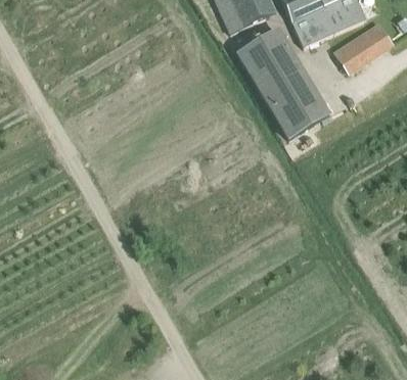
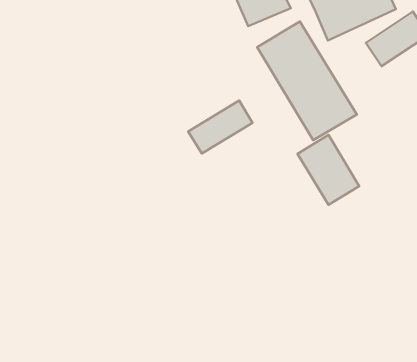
building: none -> [188,101,253,154]
building: none -> [297,135,359,205]

